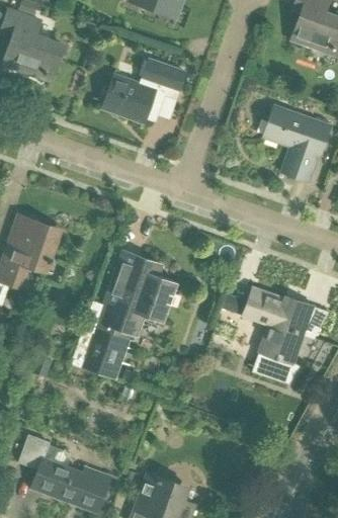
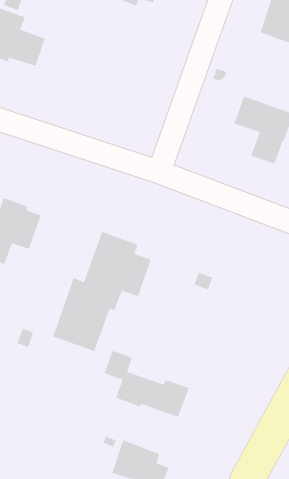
building: [104,58,186,123] -> none
building: [244,287,314,385] -> none
building: [19,436,111,509] -> [104,350,190,418]

